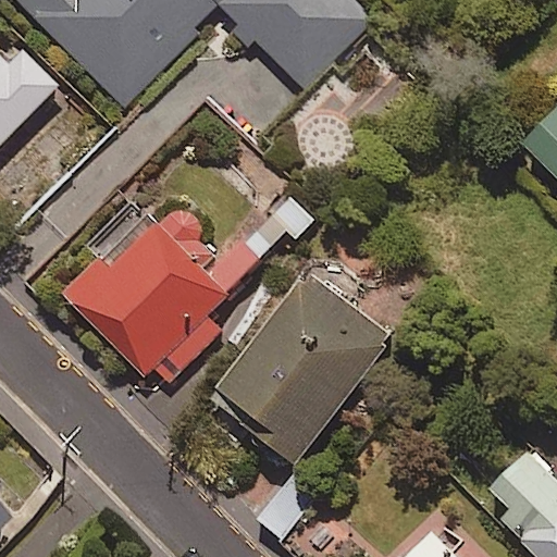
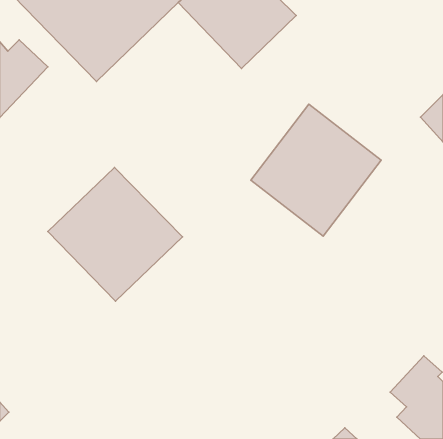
building: none -> [251,104,381,236]
building: [215,277,391,462] -> none

